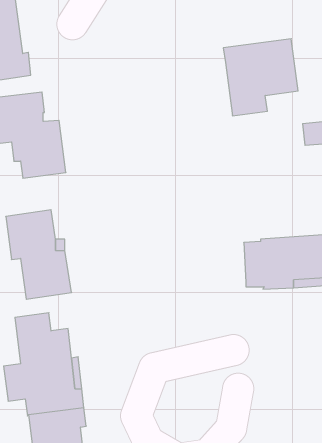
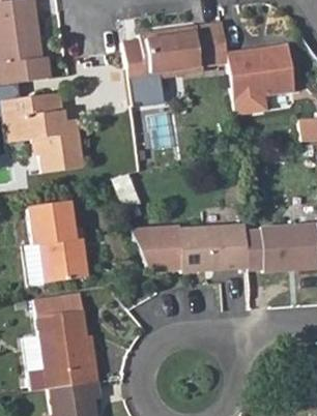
building: none -> [123,24,228,107]
building: none -> [131,226,247,272]

